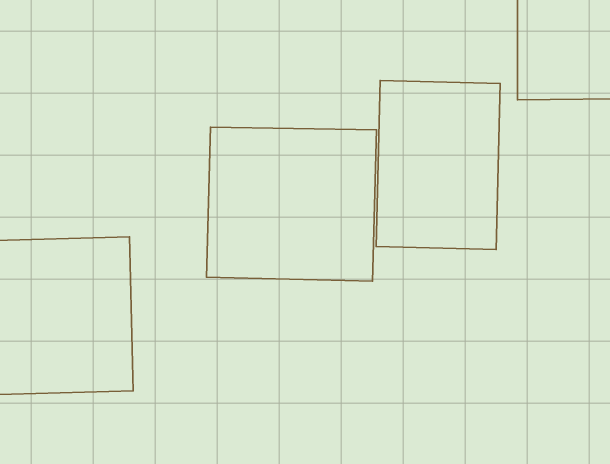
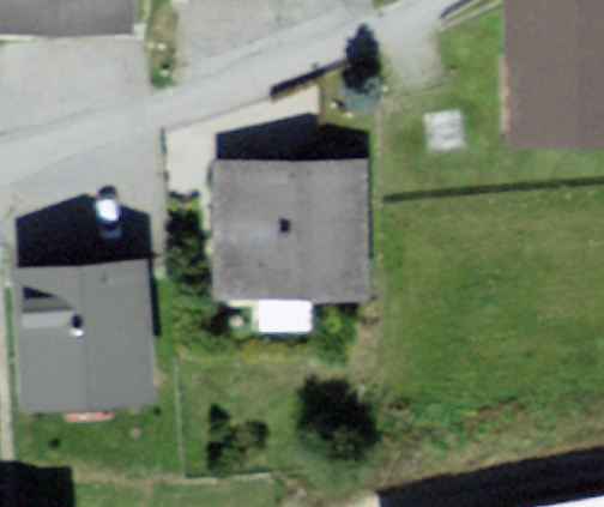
building: [376,81,500,249] -> none

